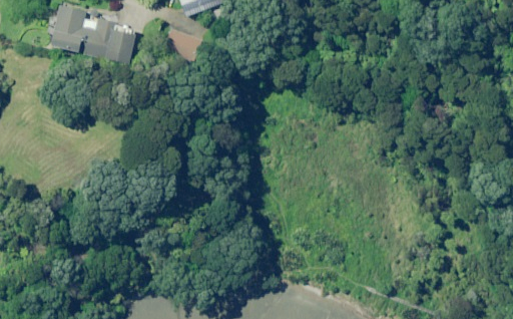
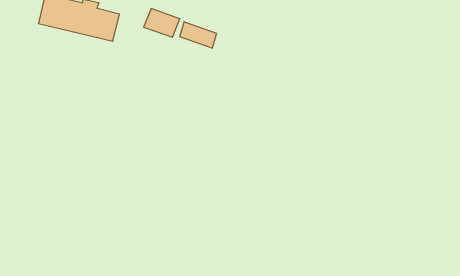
building: none -> [180,22,216,48]

